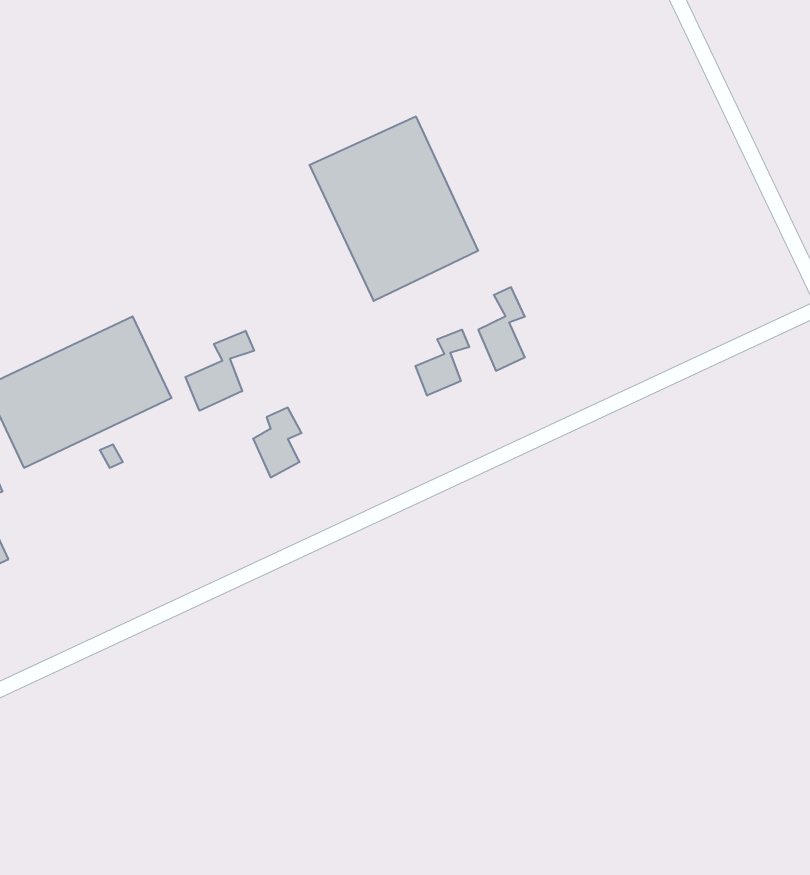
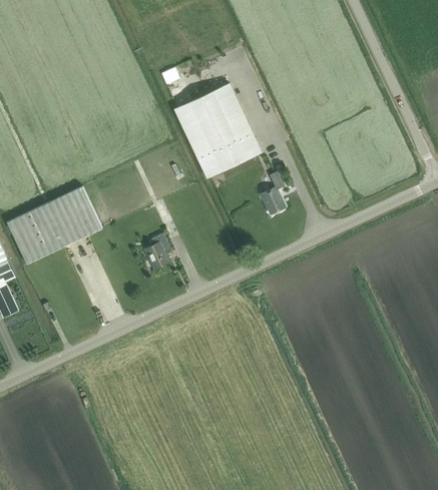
building: [415,330,469,396] -> none
building: [185,331,254,411] -> none

